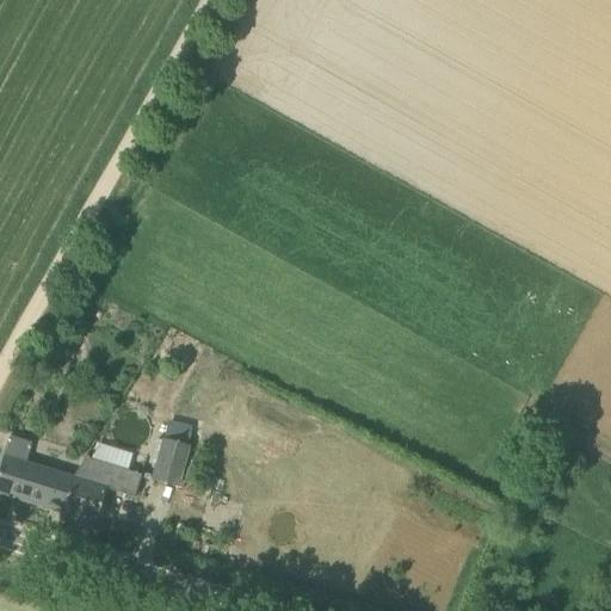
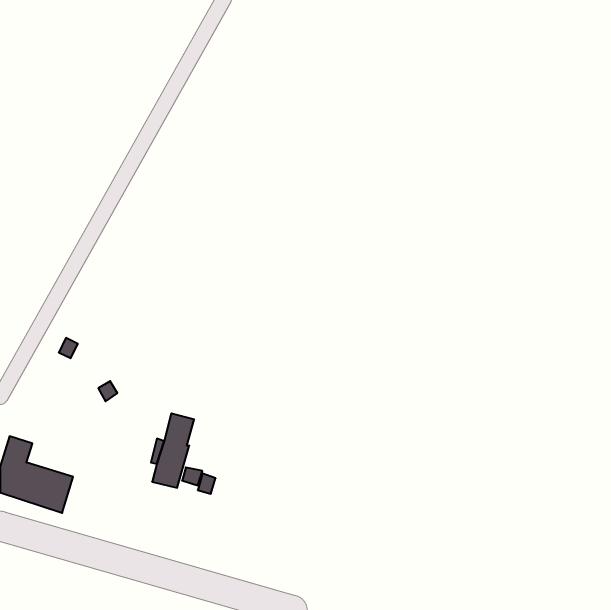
building: [63,457,141,520] -> none

